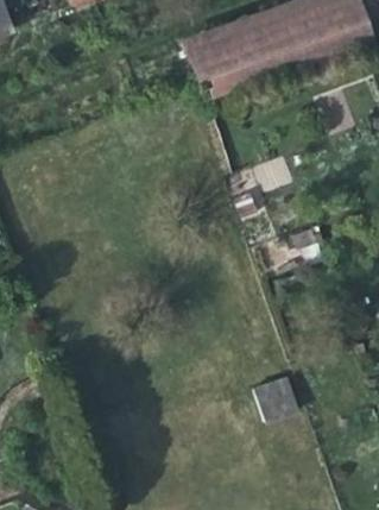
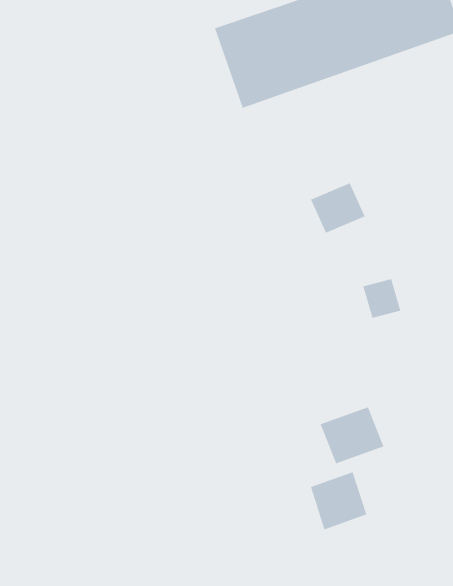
building: none -> [320,407,384,464]

